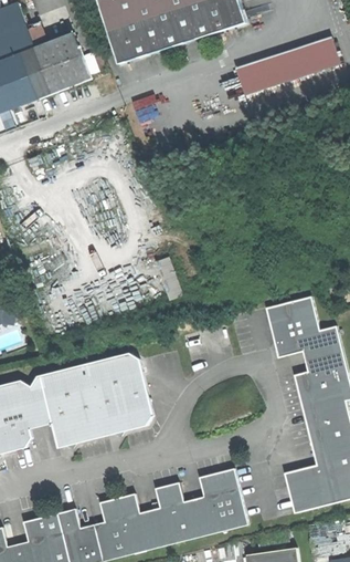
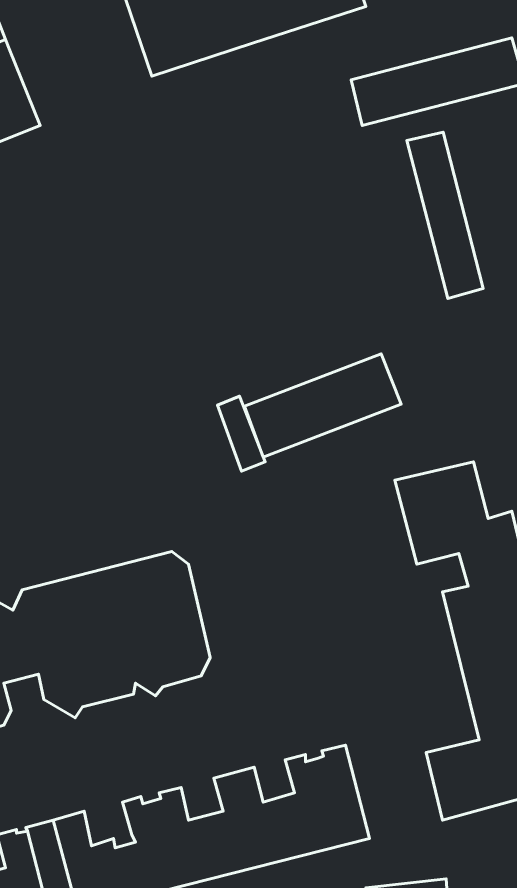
building: [32,31,89,92] -> none
building: none -> [407,132,483,299]
building: none -> [245,354,401,457]

